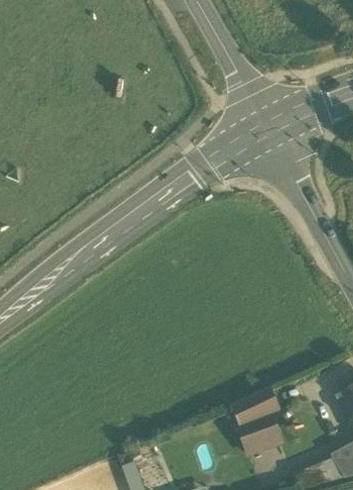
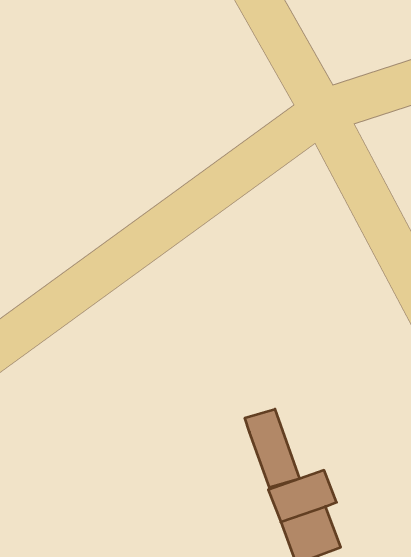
building: none -> [245,409,299,488]

